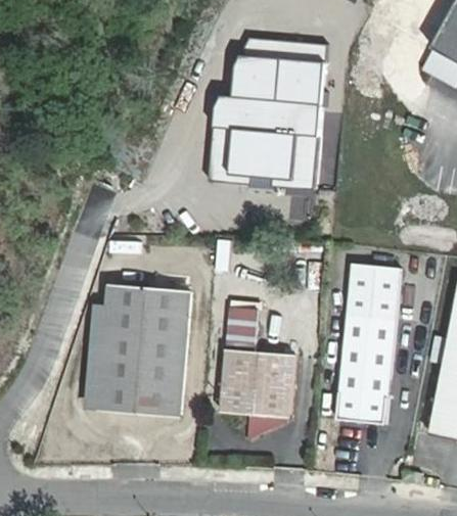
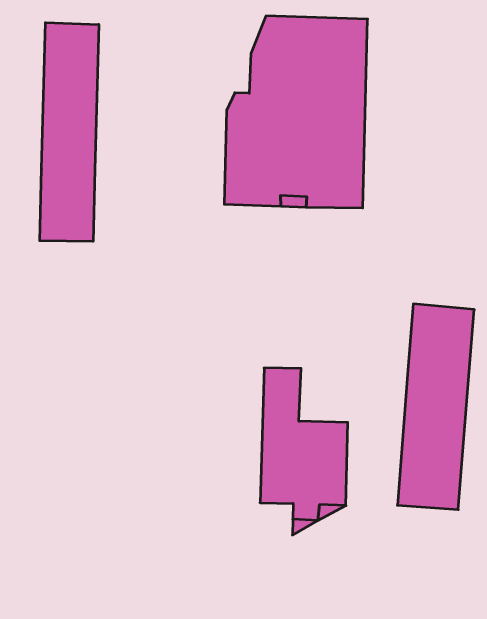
building: none -> [40,23,99,241]
building: [97,286,191,414] -> none

